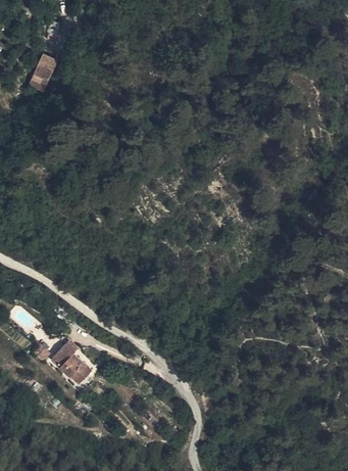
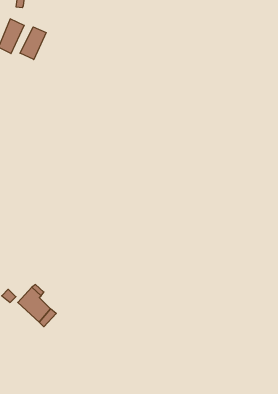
building: none -> [20,27,46,60]

